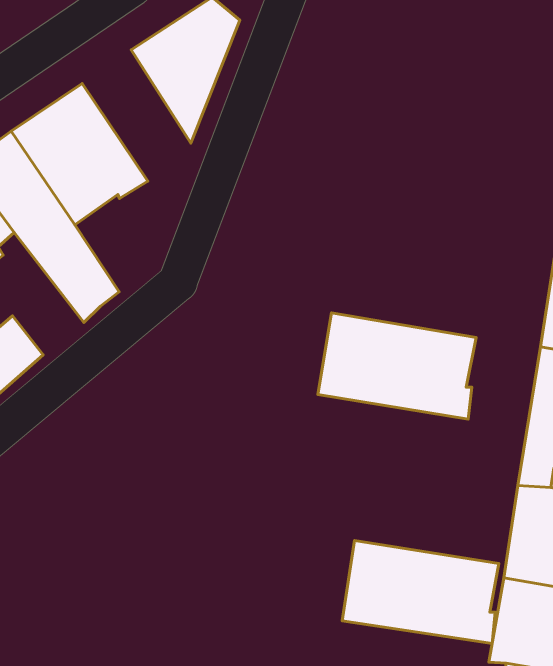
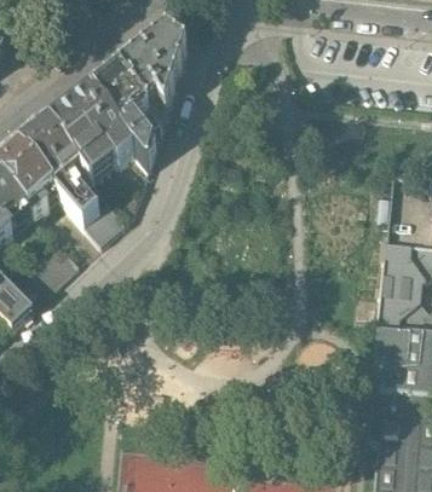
building: none -> [88,65,159,163]
building: [318,313,476,419] -> none
building: [342,541,499,643] -> none

